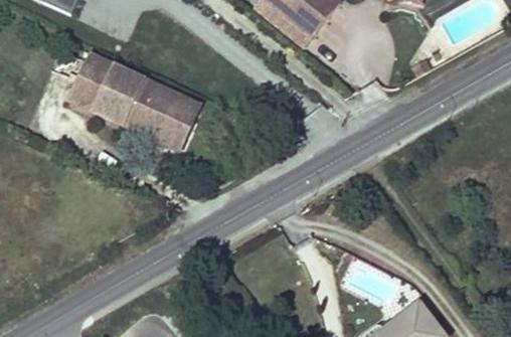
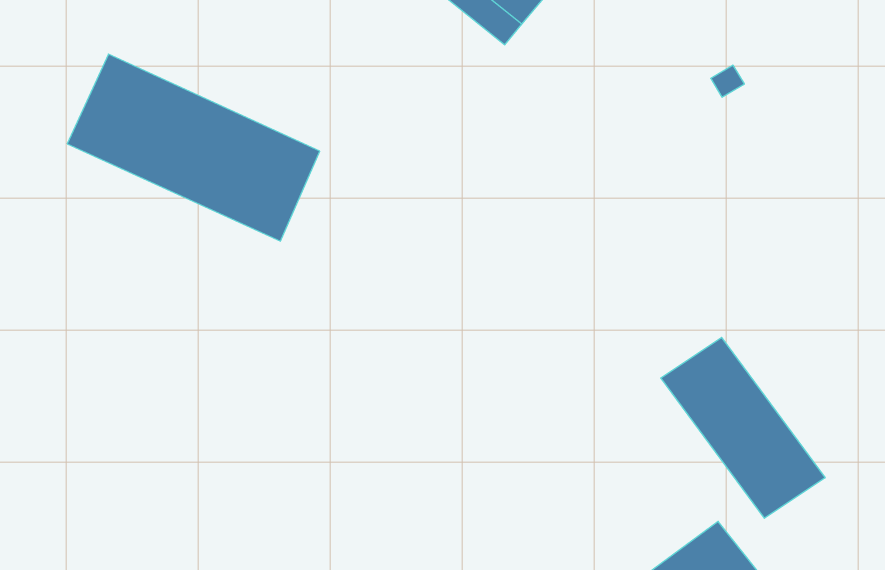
building: none -> [661,337,825,518]

